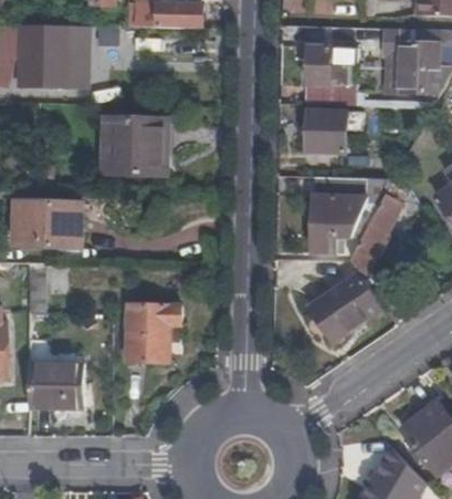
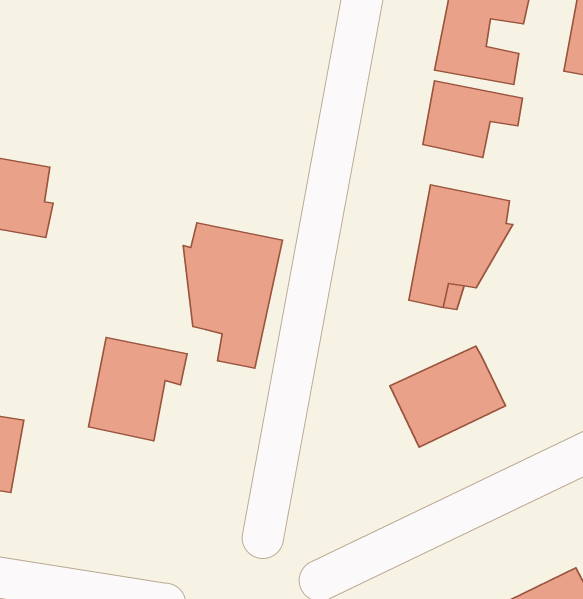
building: [103,117,164,174] -> none
building: [348,194,400,278] -> none
building: none -> [183,223,283,368]

